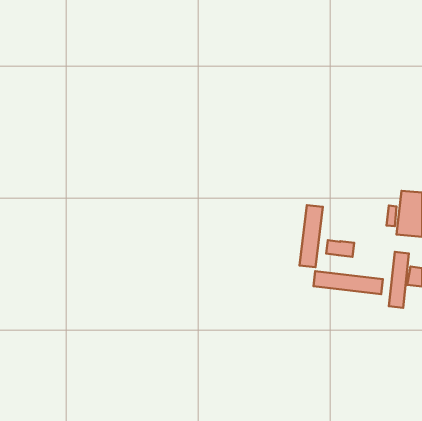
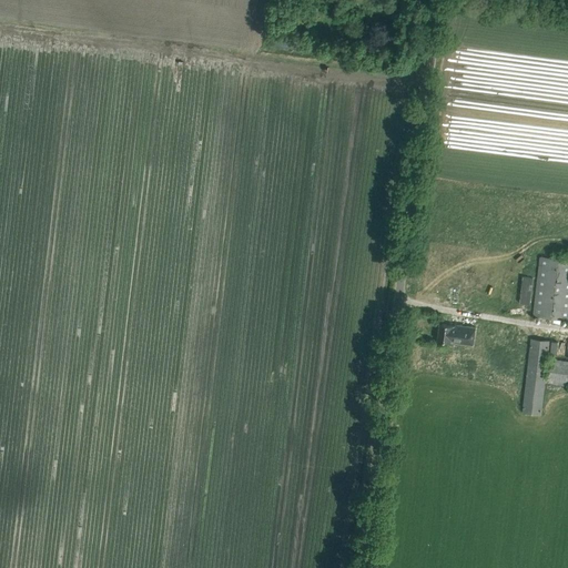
building: [300,205,323,267] -> none
building: [313,271,383,294] -> none

